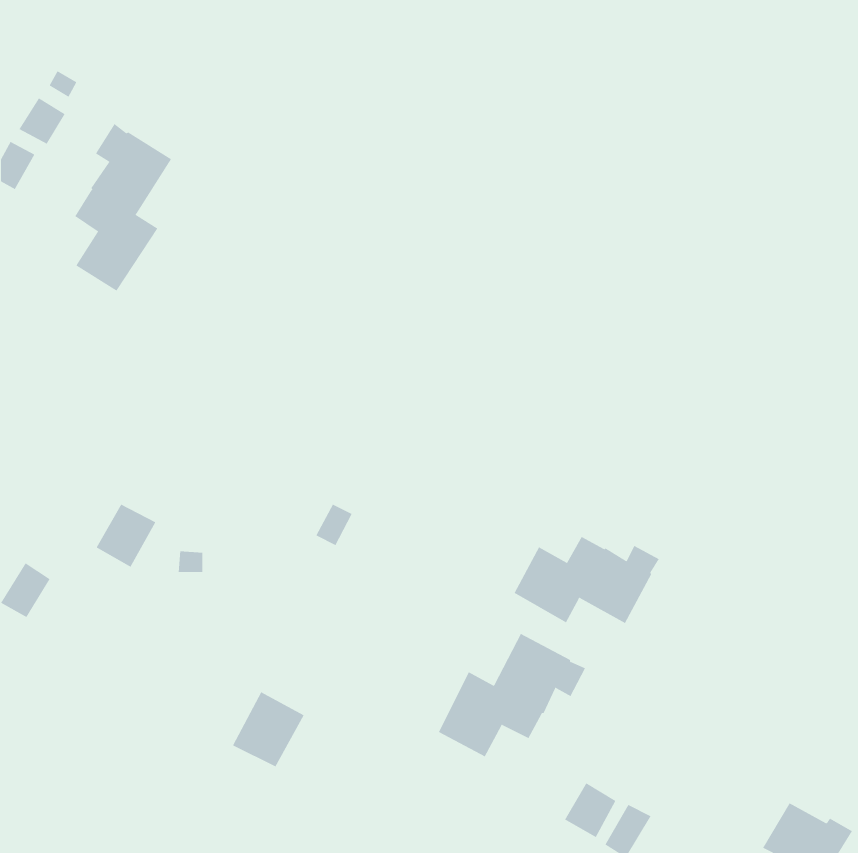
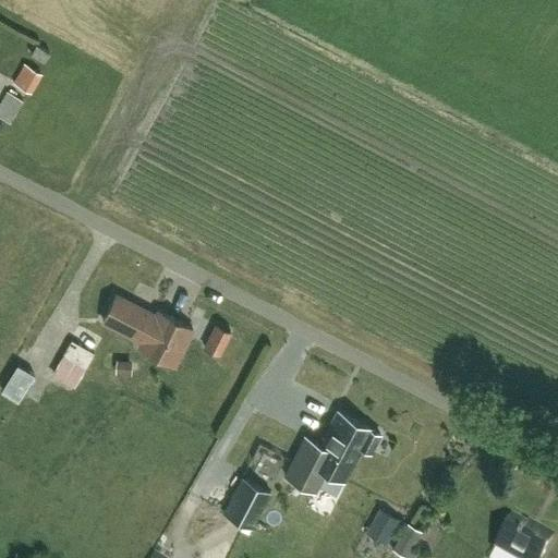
building: [75,123,172,292] -> none
building: none -> [102,298,193,368]
building: [514,536,660,624] -> none
building: [232,692,305,767] -> [223,481,270,530]

